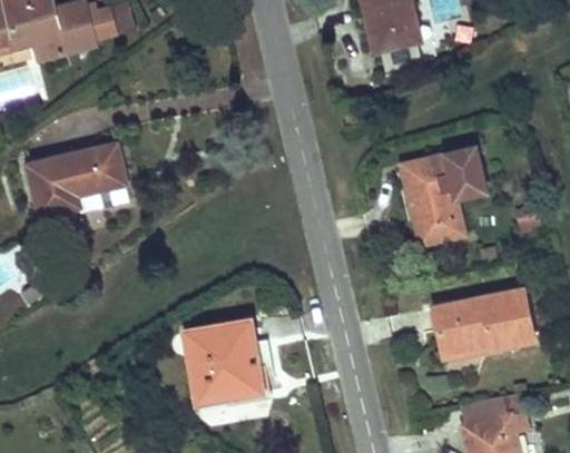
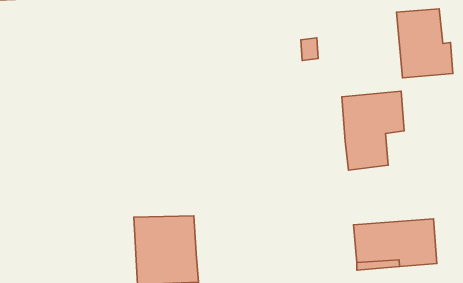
building: none -> [396,9,453,78]
building: [30,145,128,215] -> none

